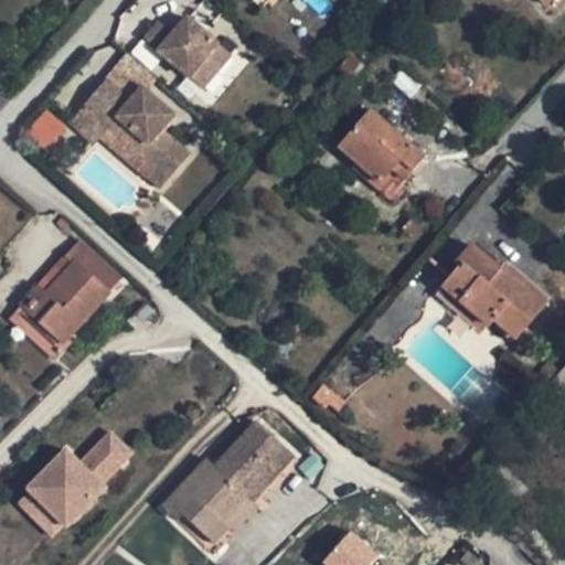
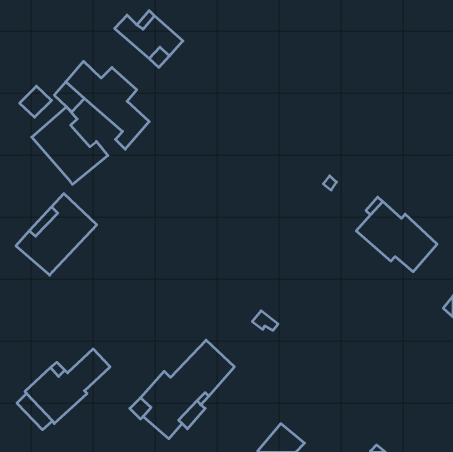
building: [338,110,422,193] -> none
building: none -> [32,107,108,184]
building: [9,306,70,360] -> none

